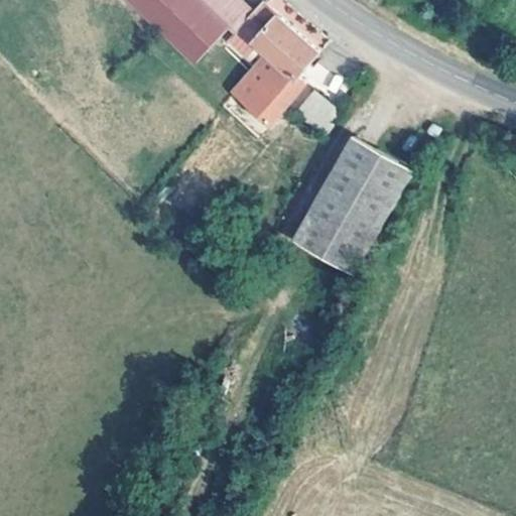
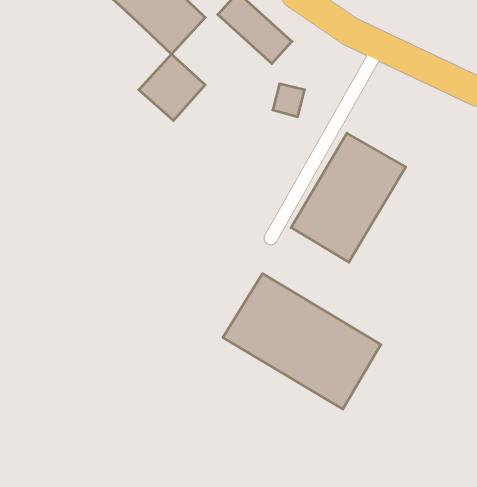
building: [225,43,294,113] -> [139,54,205,121]
building: none -> [223,274,381,409]

